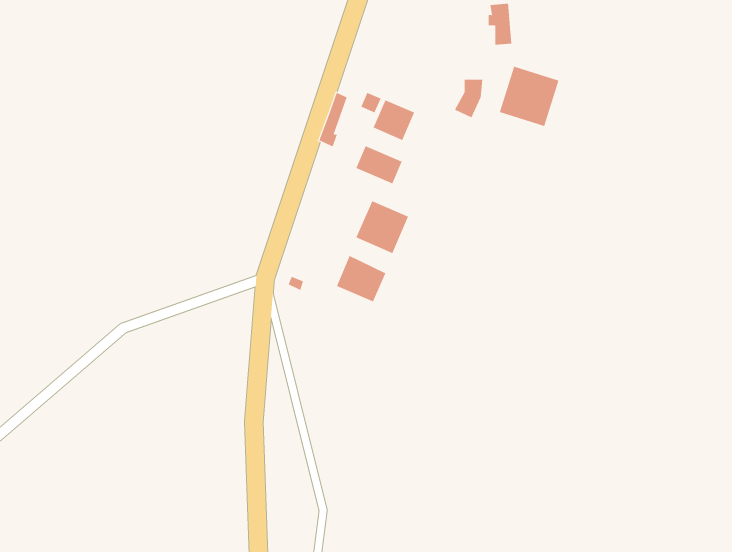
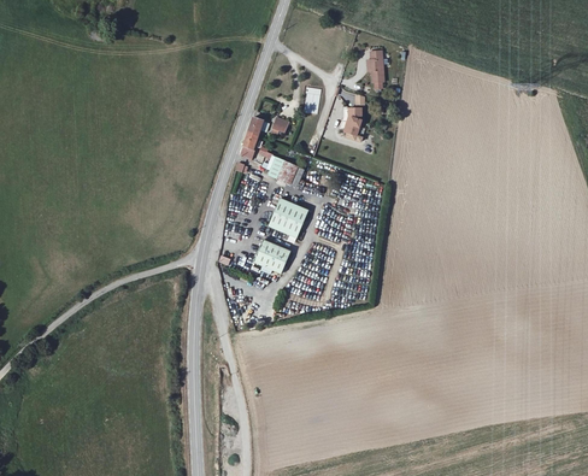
building: [499,66,559,127] -> none
building: [373,99,415,141] -> none

